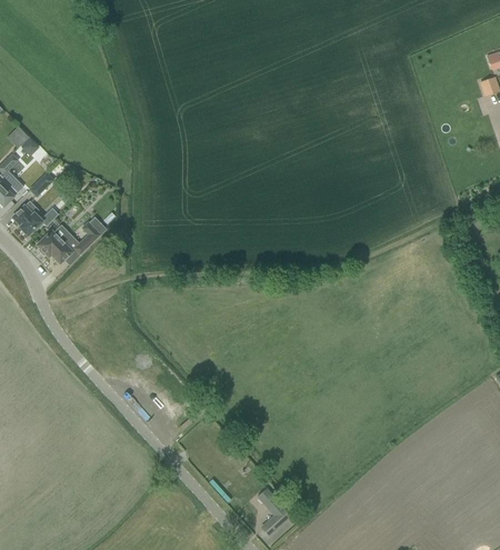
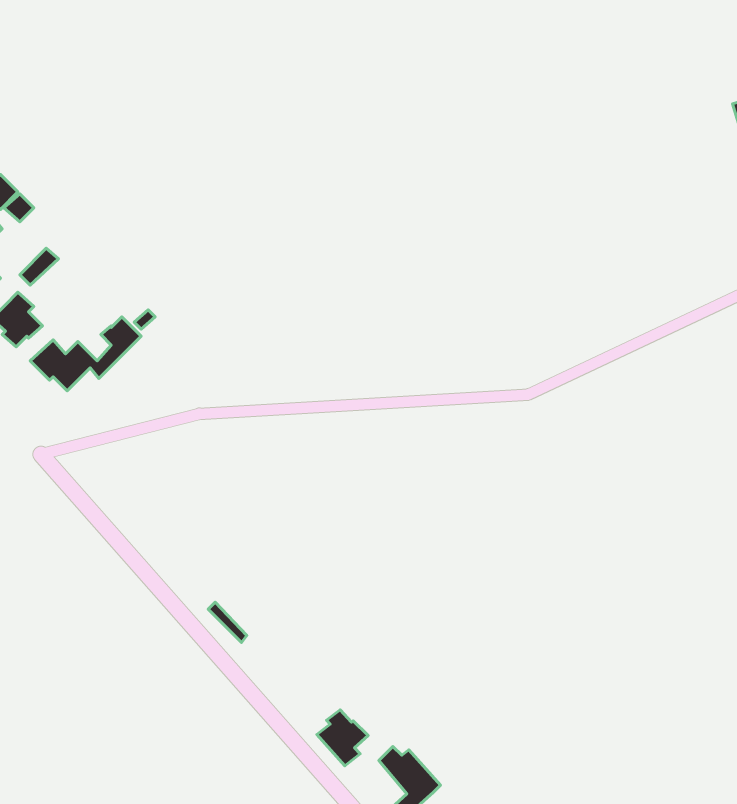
building: none -> [317,710,368,766]

